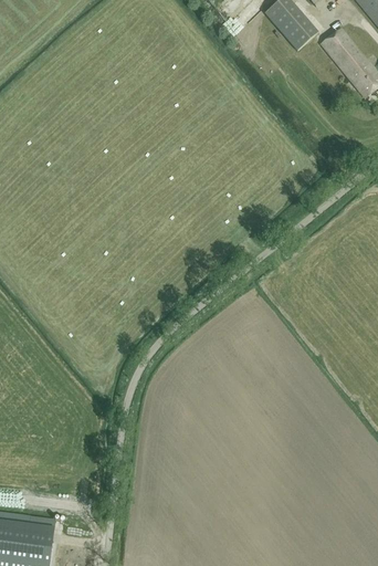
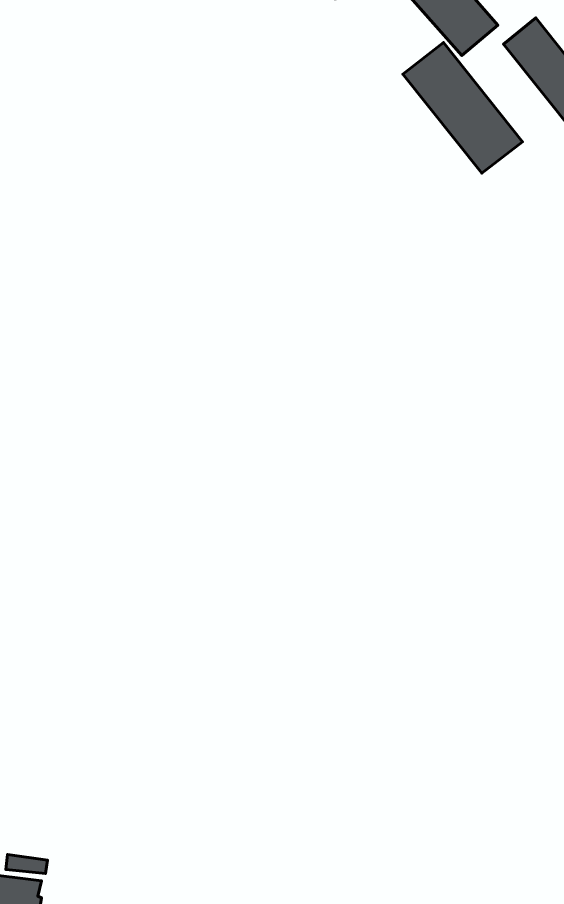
building: none -> [403,43,523,173]

